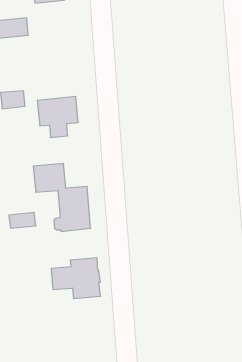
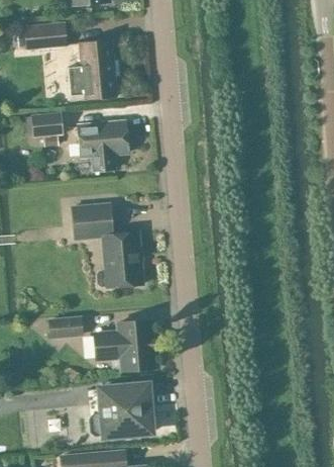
building: none -> [68,40,117,99]
building: [9,213,36,228] -> [49,318,83,338]
building: none -> [91,384,152,437]

